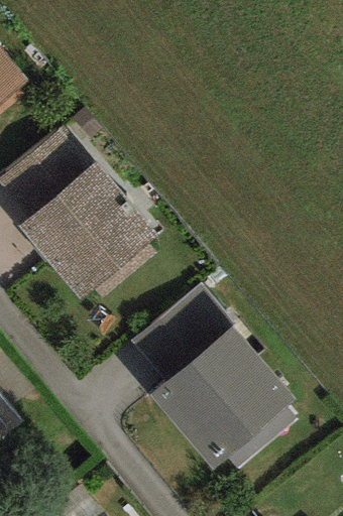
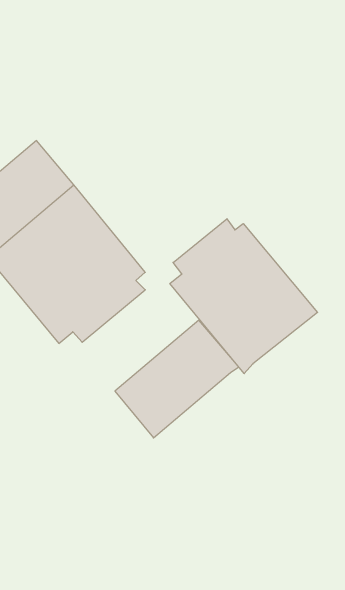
building: none -> [170,219,318,374]
building: [148,325,296,470] -> none

